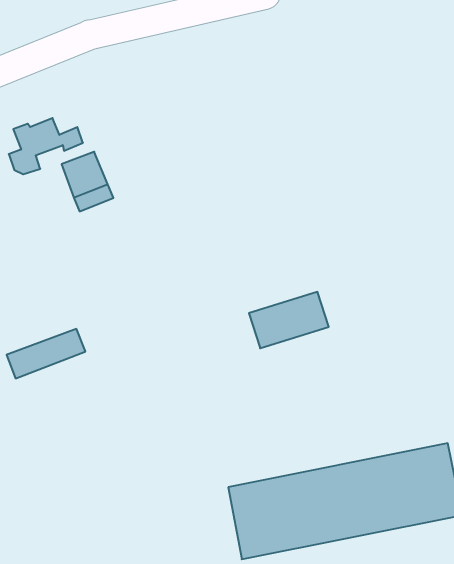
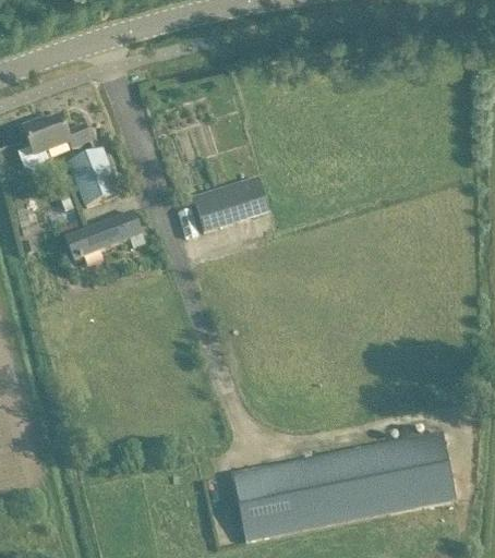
building: [249,292,329,348] -> [192,175,269,230]
building: [7,329,85,378] -> [64,210,141,258]

